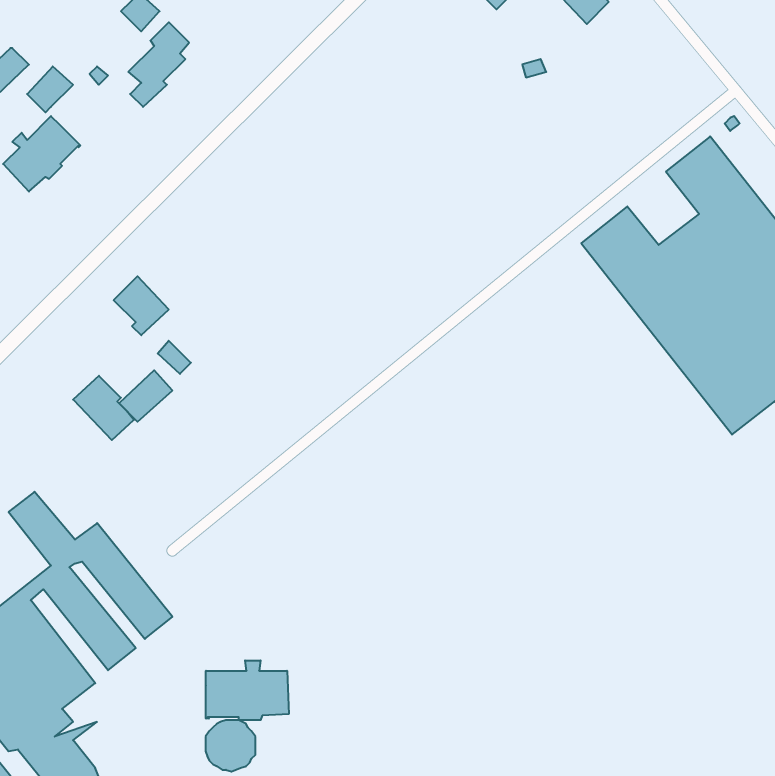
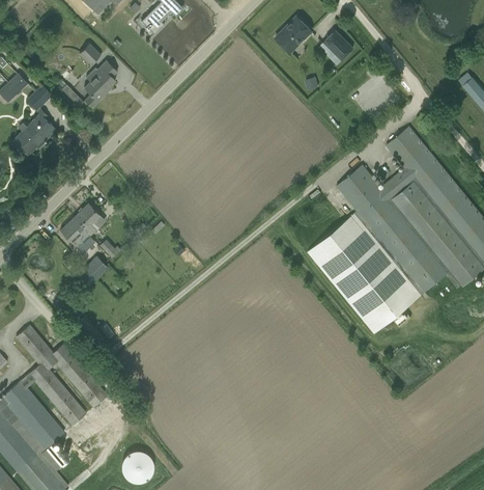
building: none -> [309,213,421,334]
building: [73,376,134,440] -> [60,217,94,253]
building: [206,660,289,720] -> none

